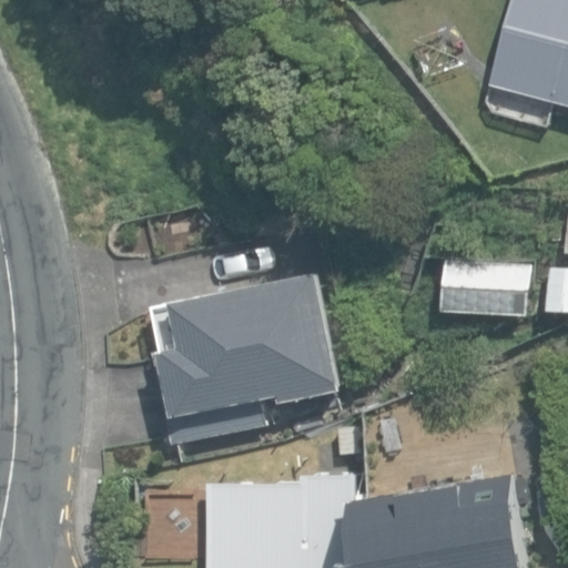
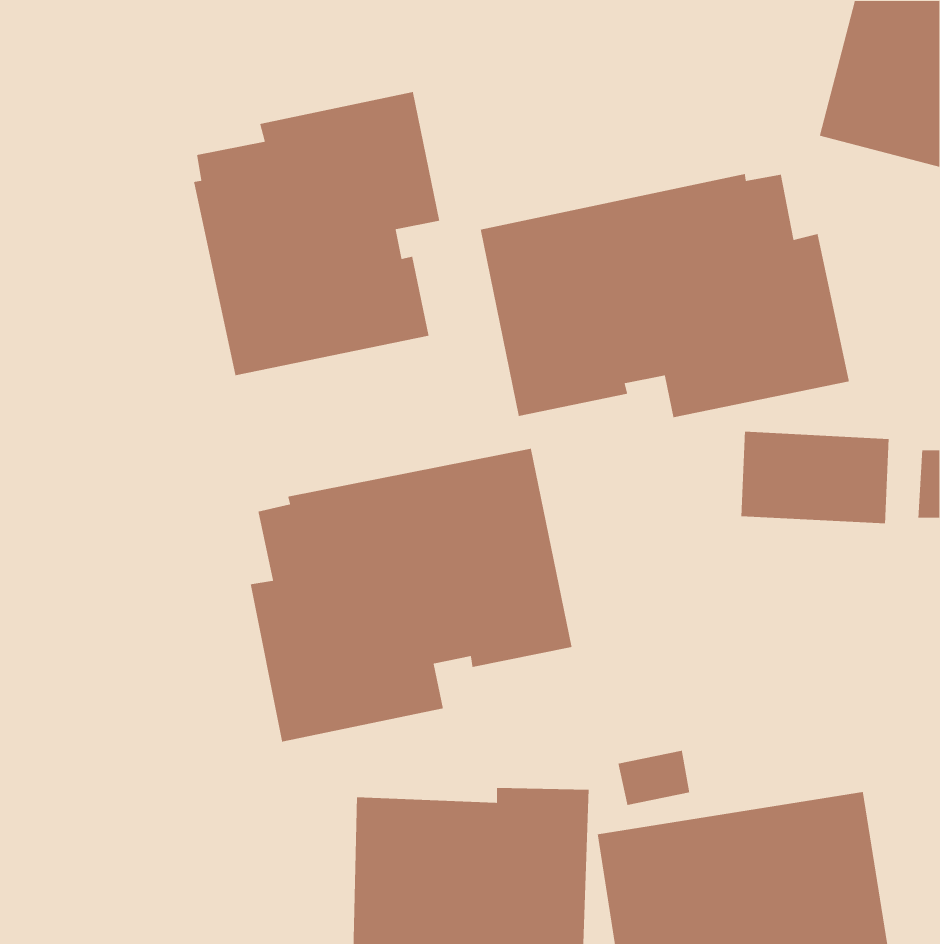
building: none -> [193,91,440,376]
building: none -> [480,173,850,418]

